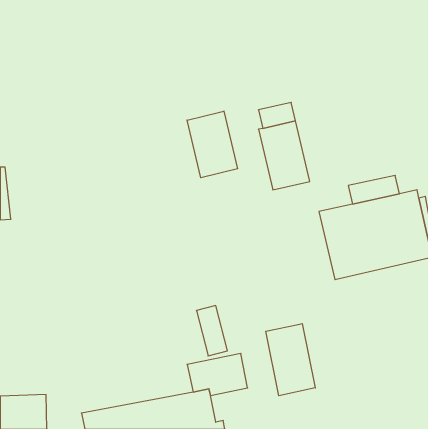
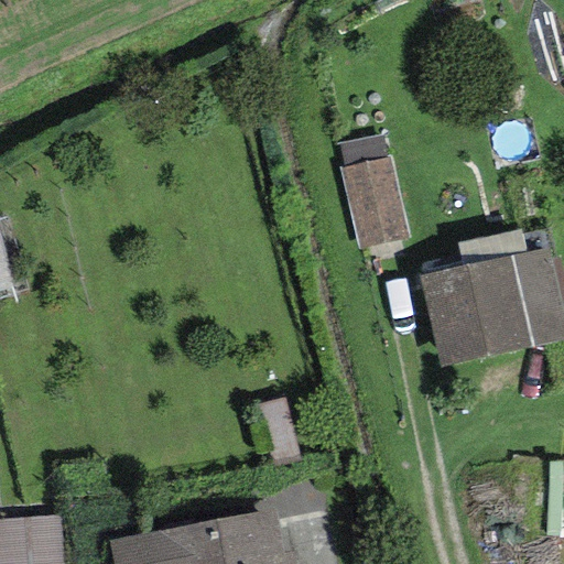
building: [187,111,238,178] -> none
building: [266,324,315,396] -> none

